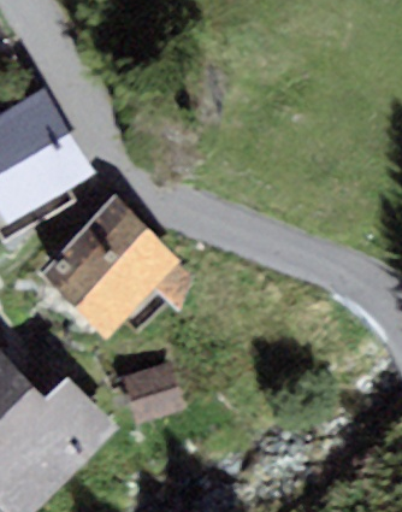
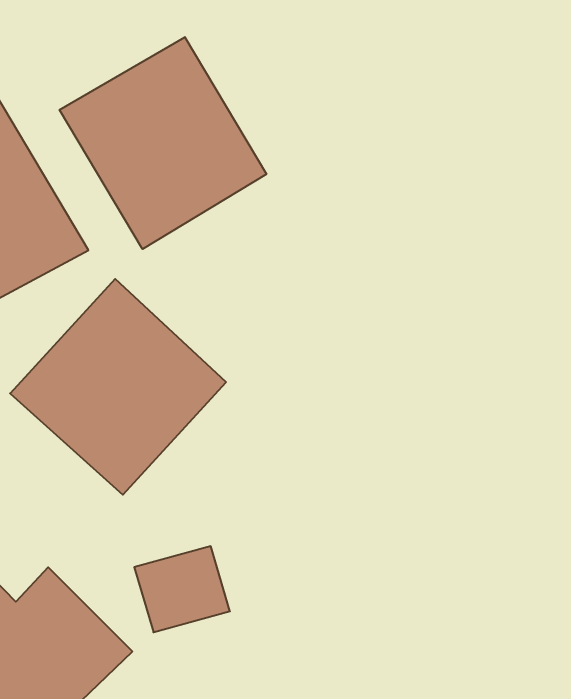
building: none -> [60,37,266,249]

